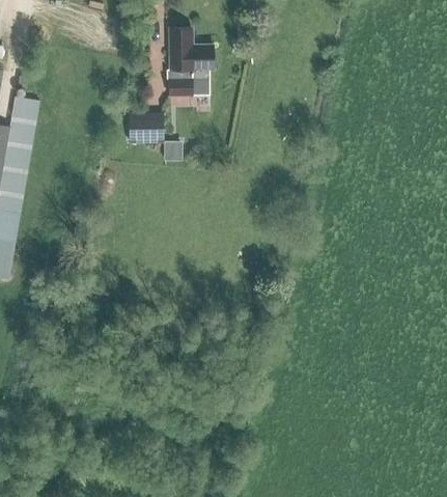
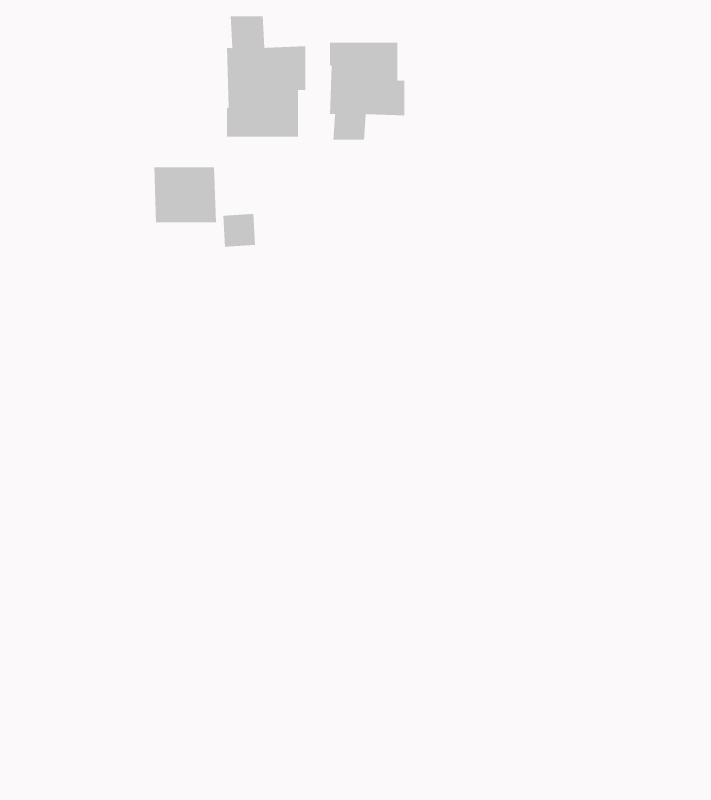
building: none -> [329,42,405,140]

